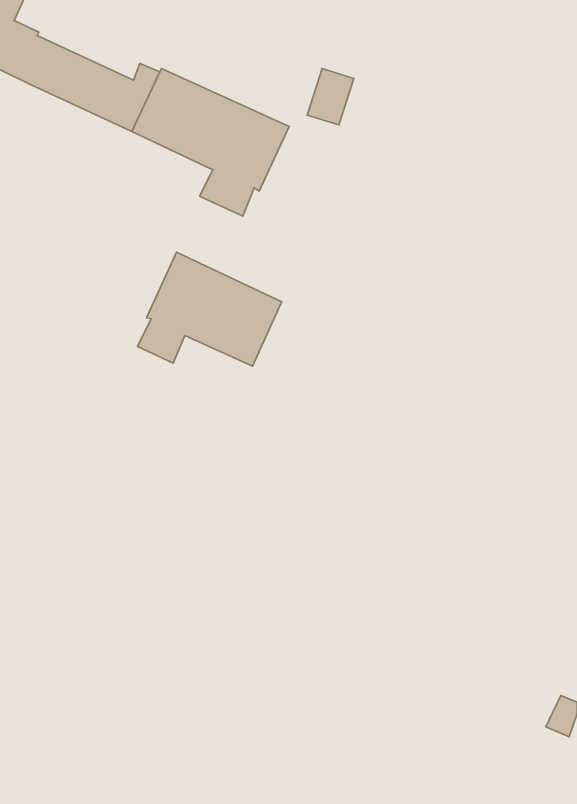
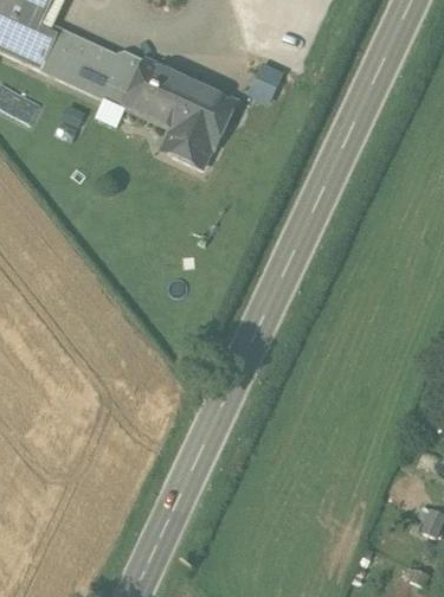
building: [137,252,282,366] -> none

